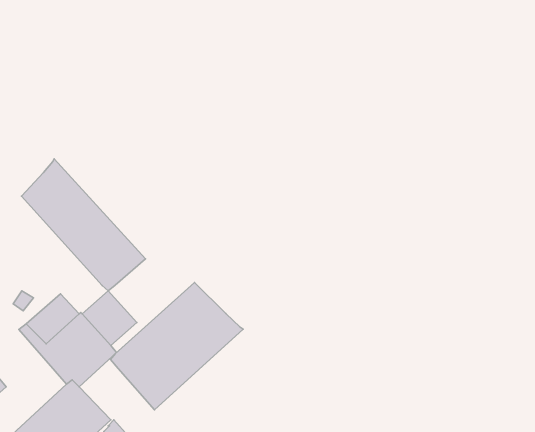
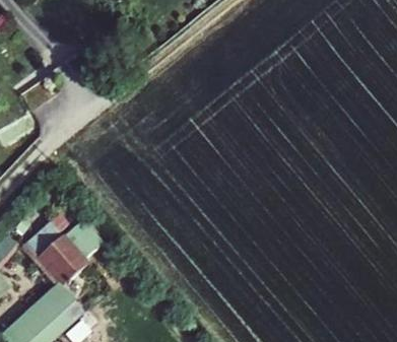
building: [21,159,146,291] -> none
building: [110,283,243,410] -> none

